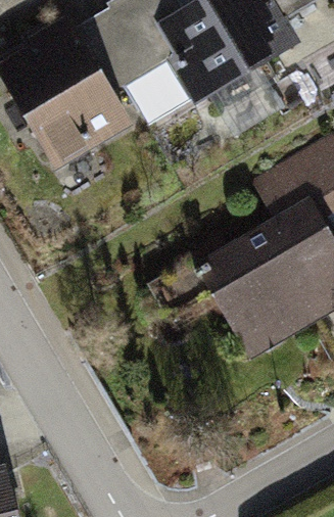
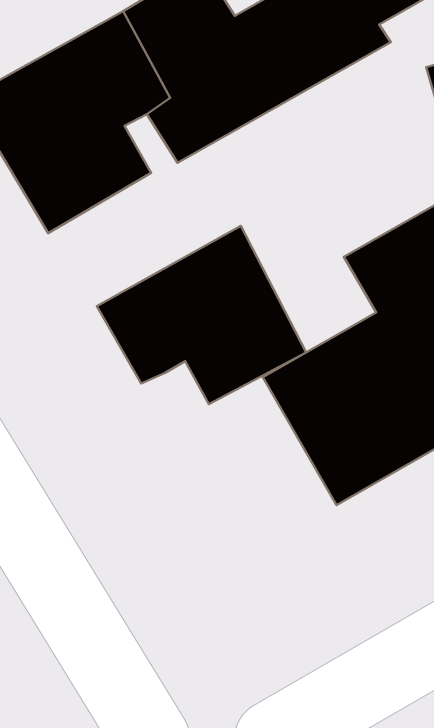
building: none -> [97,226,306,404]

